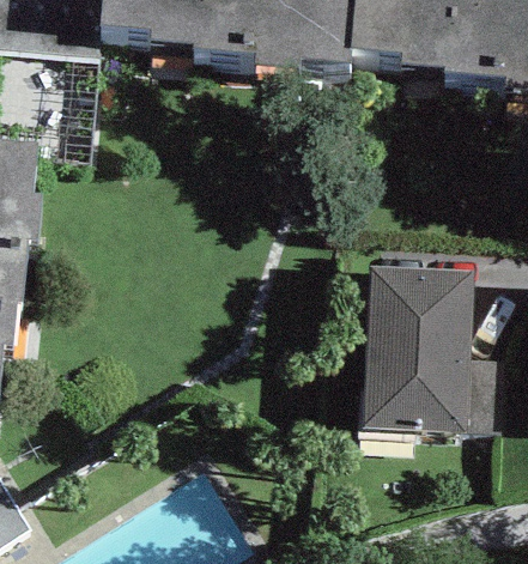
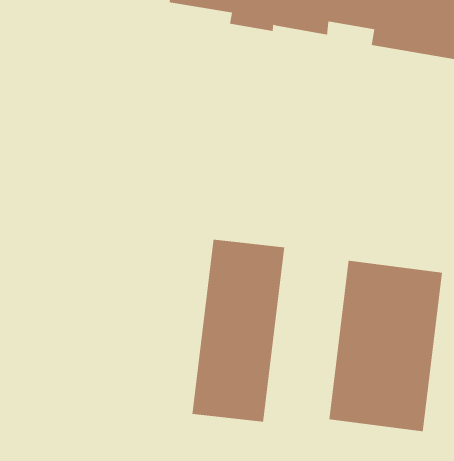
building: none -> [192,239,285,422]

